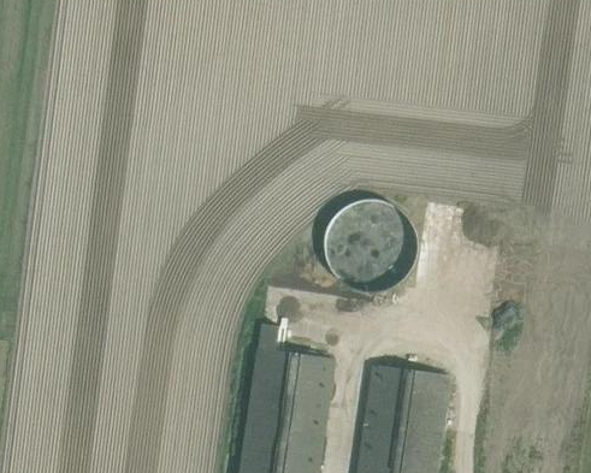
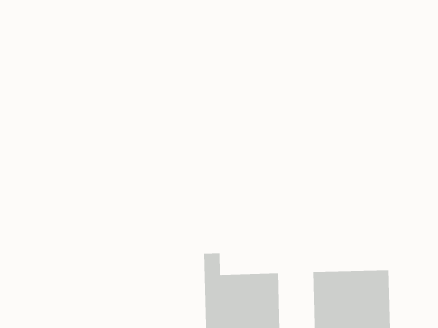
building: [335,200,409,285] -> none

